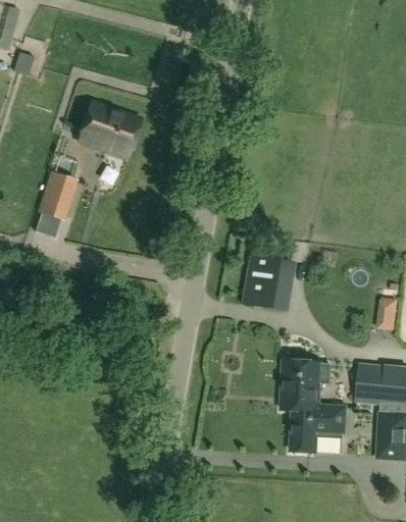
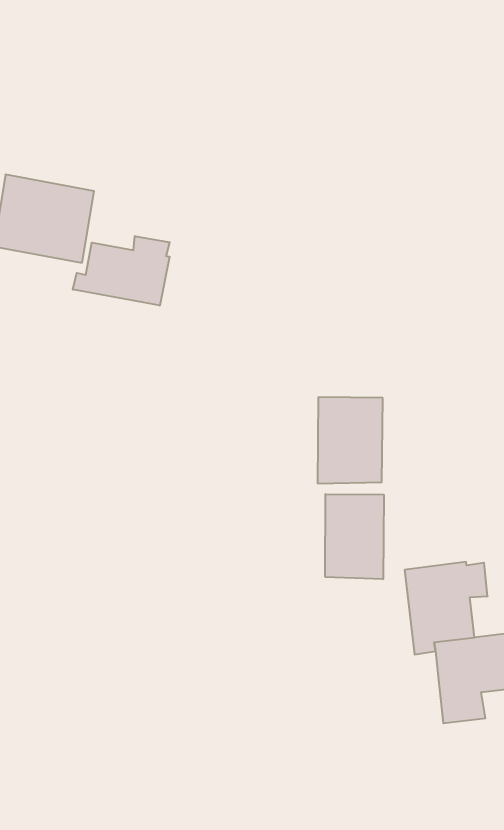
building: none -> [73,236,170,306]
building: none -> [325,494,384,579]

